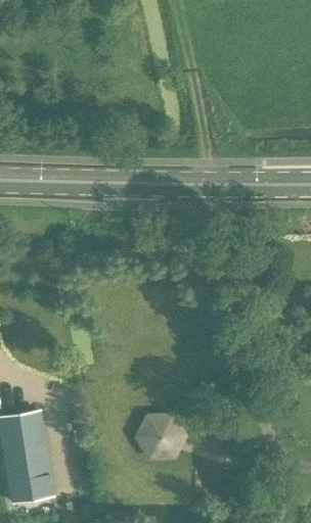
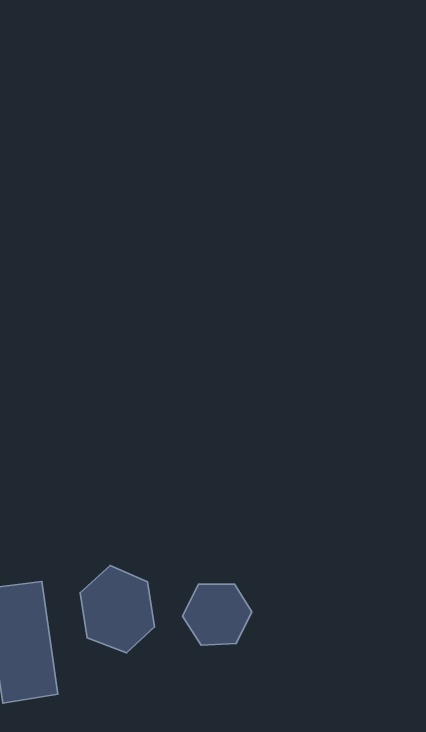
building: none -> [80,566,154,653]

